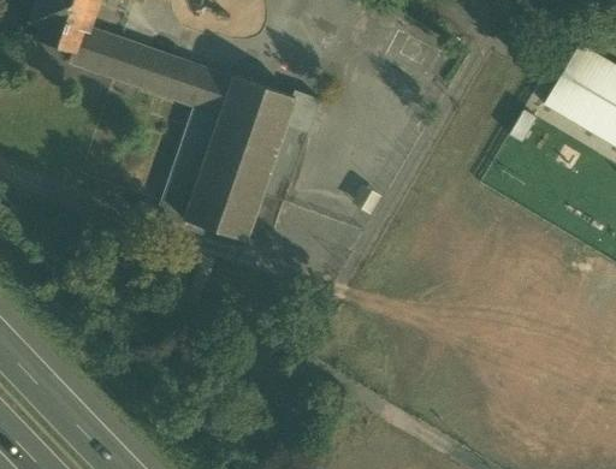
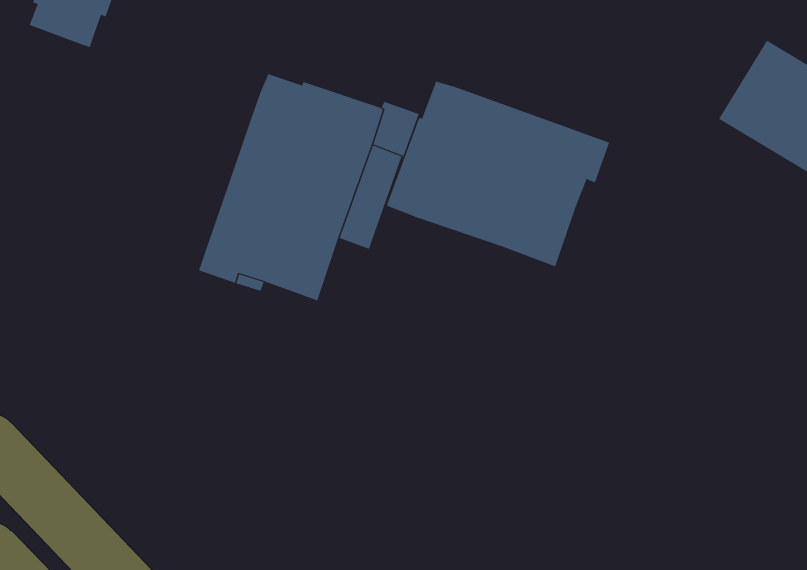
building: [70,28,209,106] -> none
building: none -> [386,81,610,267]

